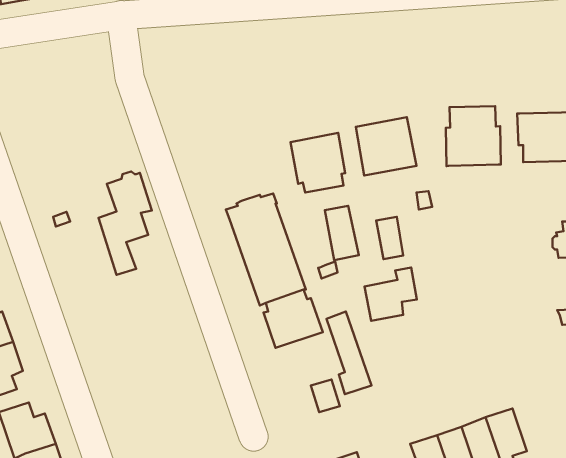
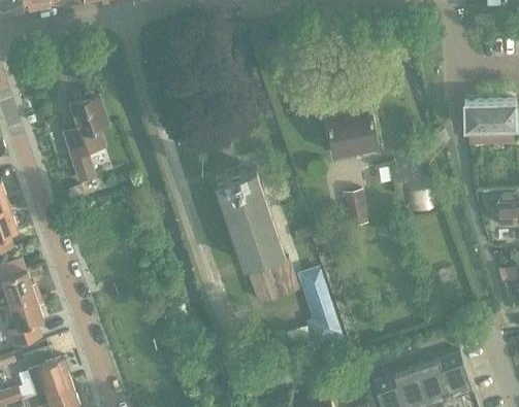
building: [446,106,501,166] -> none
building: [290,133,345,192] -> none
building: [98,172,152,275] -> [63,93,108,180]
building: [325,206,359,260] -> none
building: [364,268,417,321] -> none

